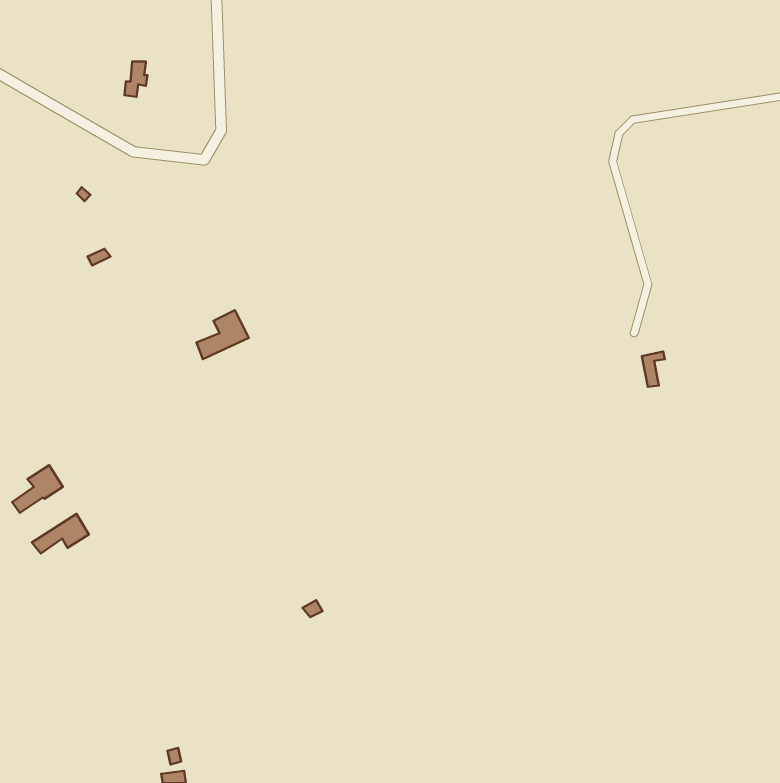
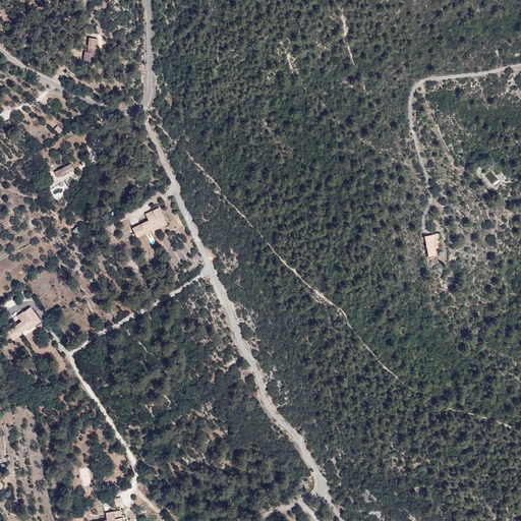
building: [32,514,89,553] -> none

